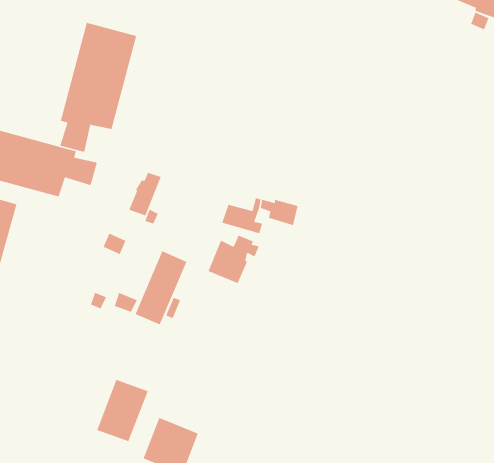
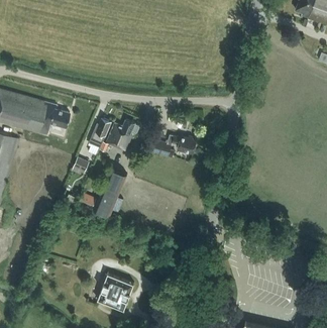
building: [59,22,137,153] -> none
building: [208,235,259,284] -> [106,118,138,149]
building: [96,379,149,442] -> none

